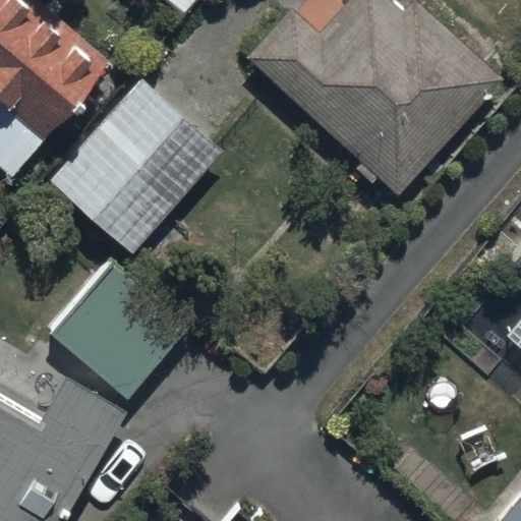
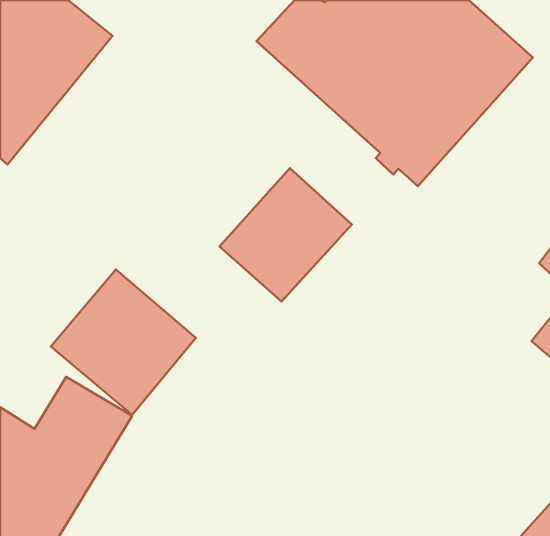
building: [48,75,223,252] -> none
building: none -> [220,168,352,302]

